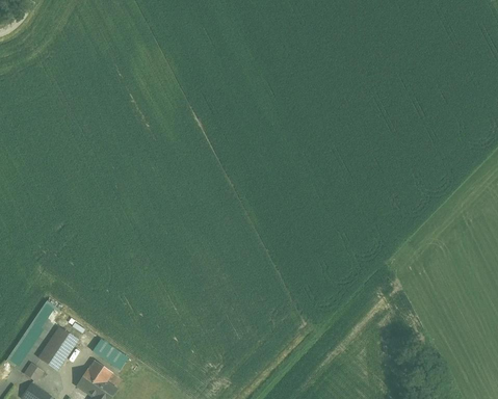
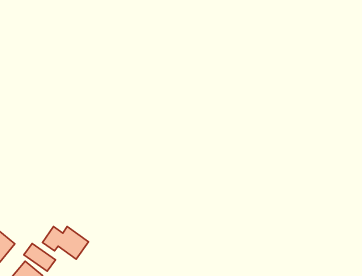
building: none -> [43,226,88,259]

